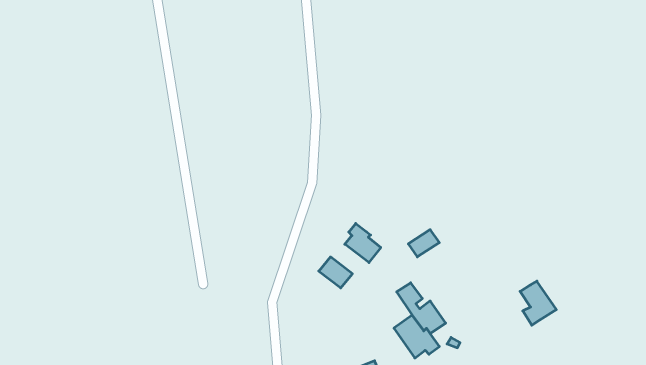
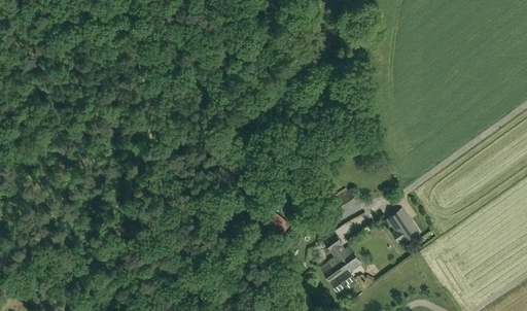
building: [345,223,381,263] -> none
building: [520,281,556,325] -> [388,208,417,243]

